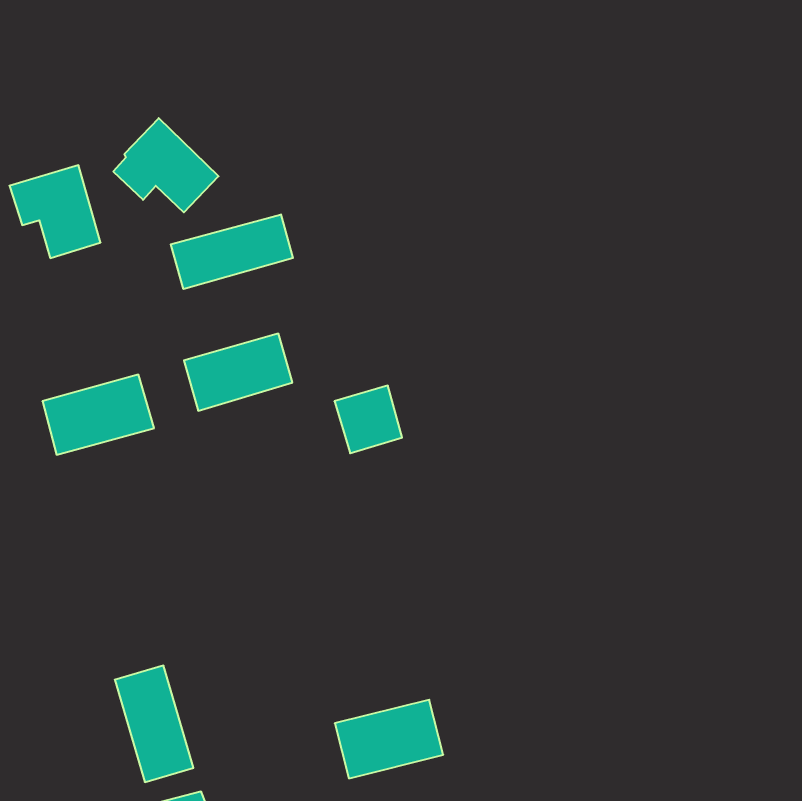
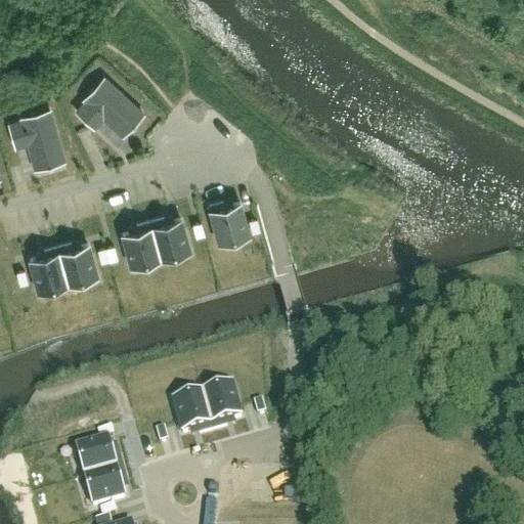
building: [171,214,293,289] -> none
building: [334,386,402,453] -> [205,203,249,247]
building: [335,700,443,778] -> [173,387,244,438]

